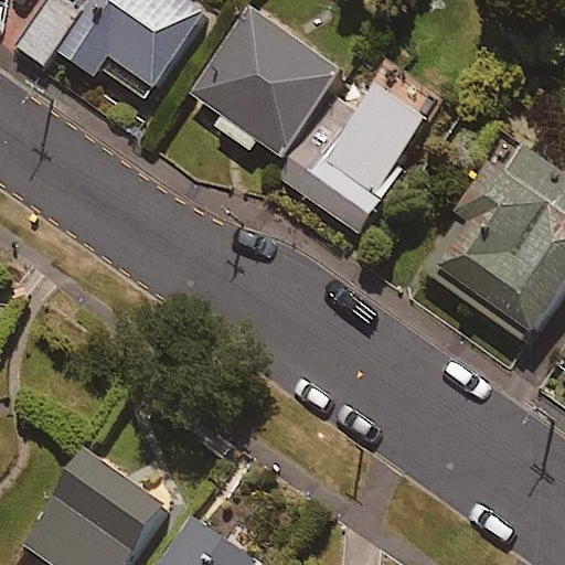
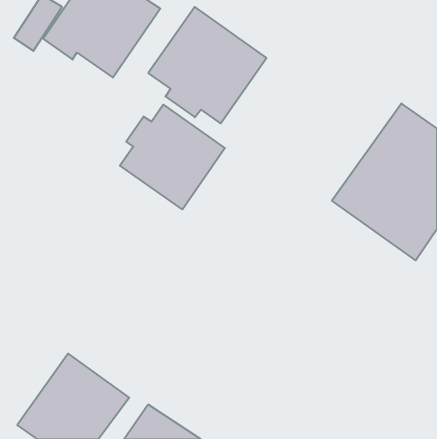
building: [278,61,436,236] -> none
building: none -> [120,105,225,209]

